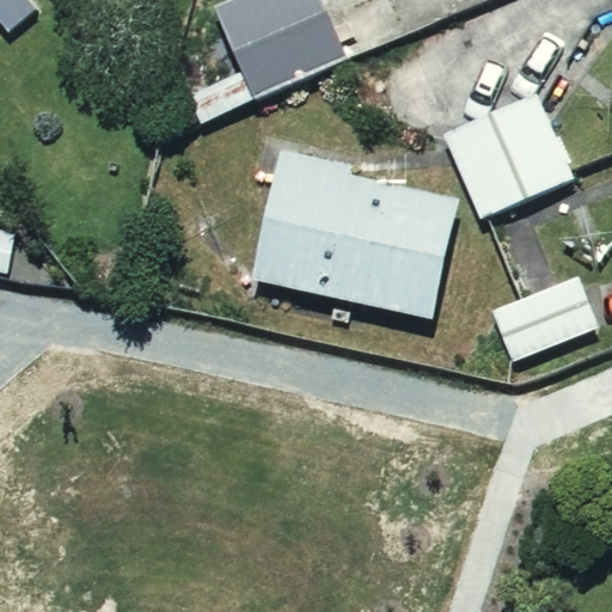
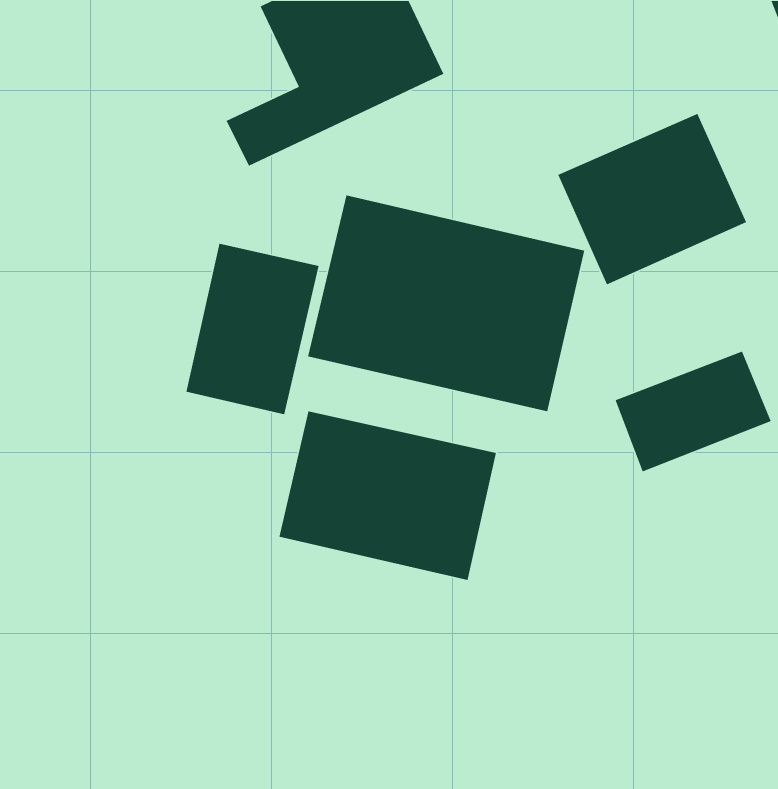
building: none -> [186,243,319,415]
building: none -> [279,410,497,581]

